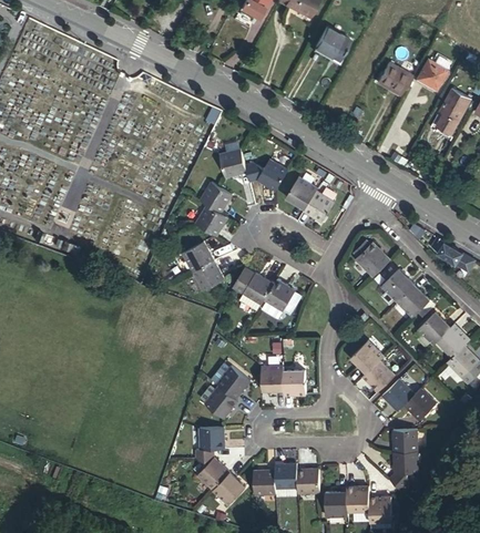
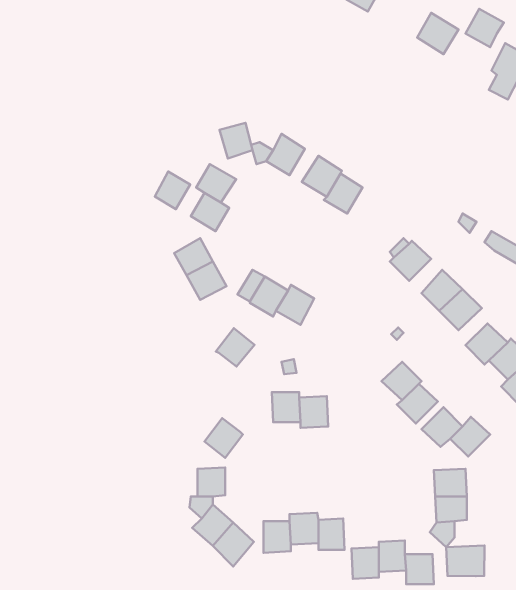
building: none -> [155,171,190,209]
building: [218,368,249,399] -> [216,328,254,367]
building: none -> [446,545,485,576]

